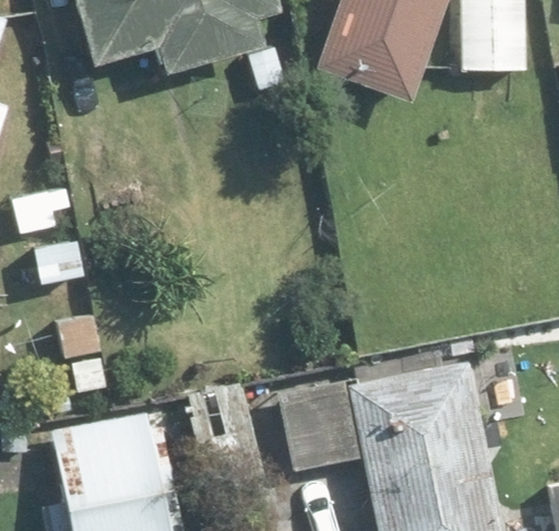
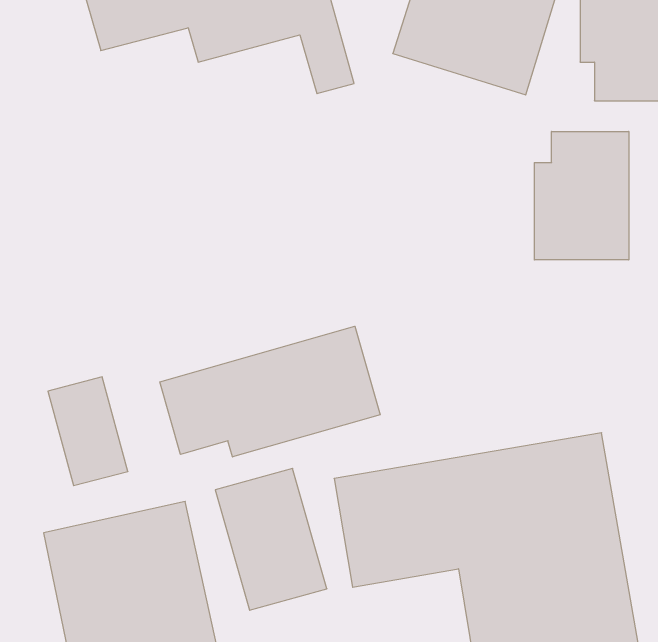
building: none -> [534,131,629,260]
building: none -> [160,326,380,457]

